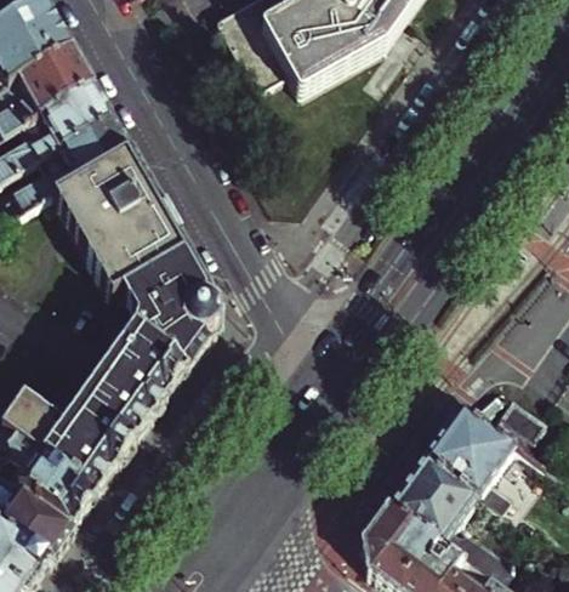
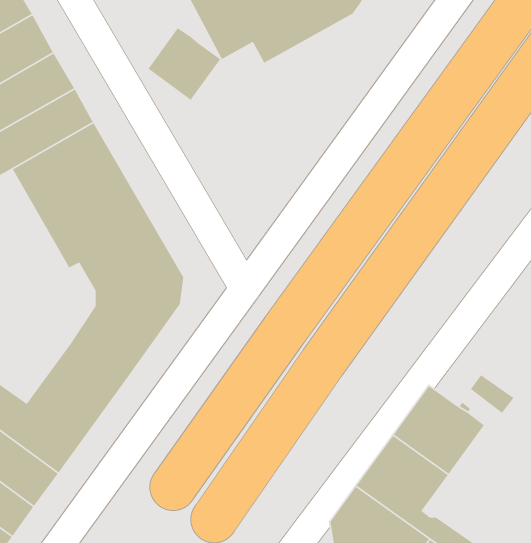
building: none -> [147,27,221,101]

